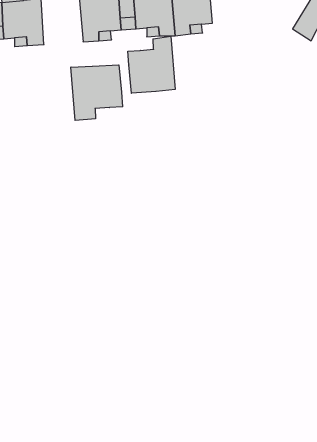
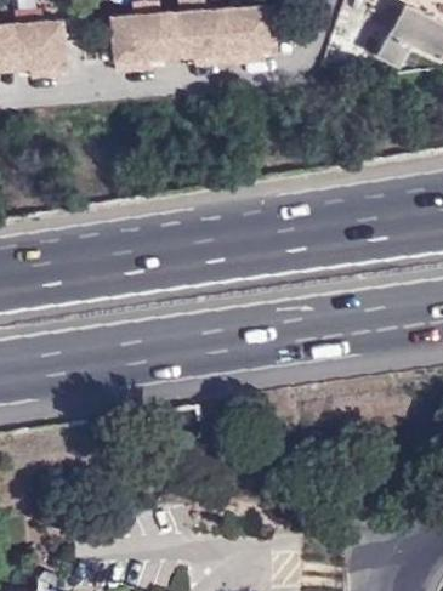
building: [128,36,175,93] -> none
building: [71,65,123,120] -> none

